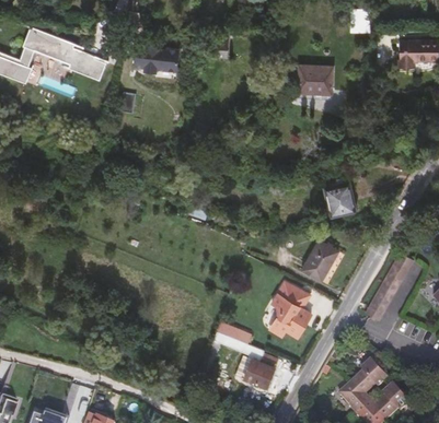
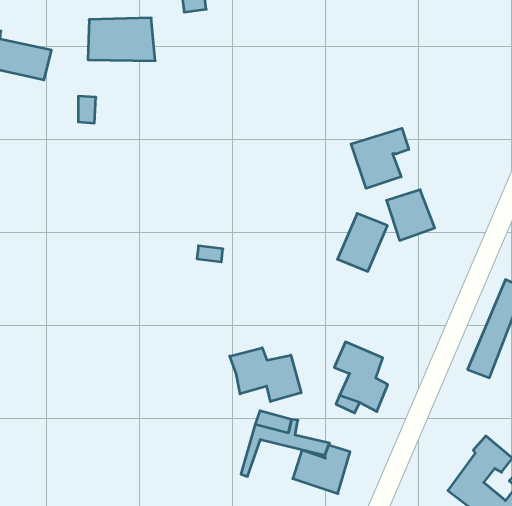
building: [299,67,332,94] -> none
building: none -> [351,128,409,188]
building: [307,239,344,280] -> [337,213,387,271]
building: none -> [230,348,301,402]

